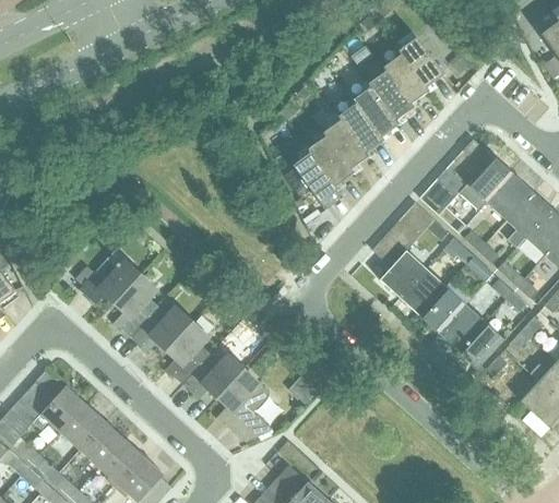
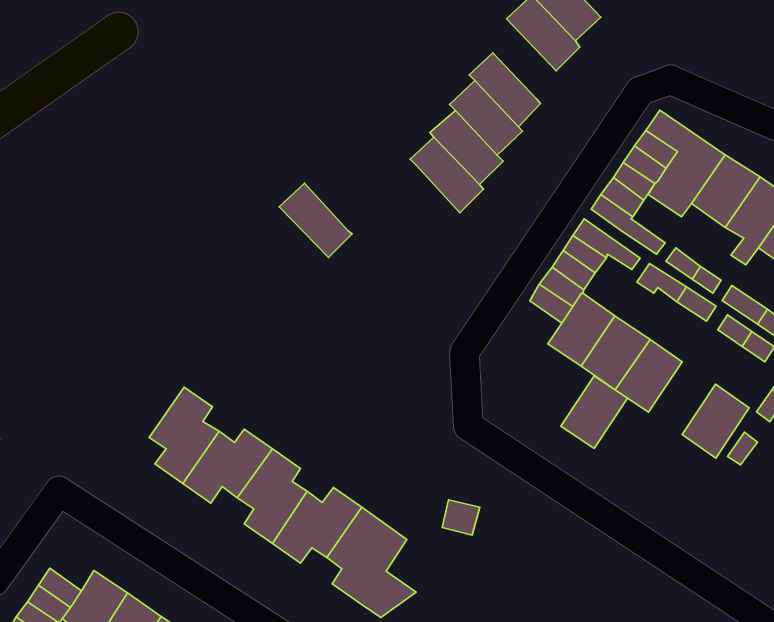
building: [362,62,413,121] -> none
building: [293,153,337,203] -> [279,183,352,257]
building: [80,260,141,304] -> none
building: [439,304,485,351] -> [561,376,628,449]

